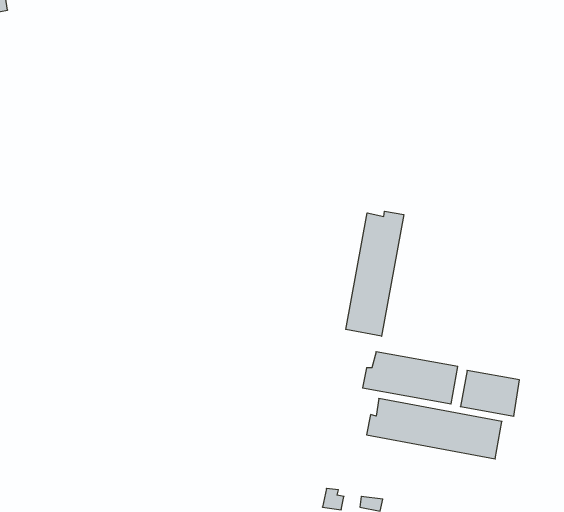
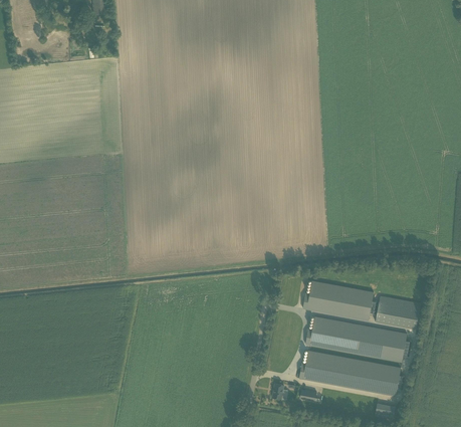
building: [346,211,404,336] -> none
building: none -> [299,351,401,396]

